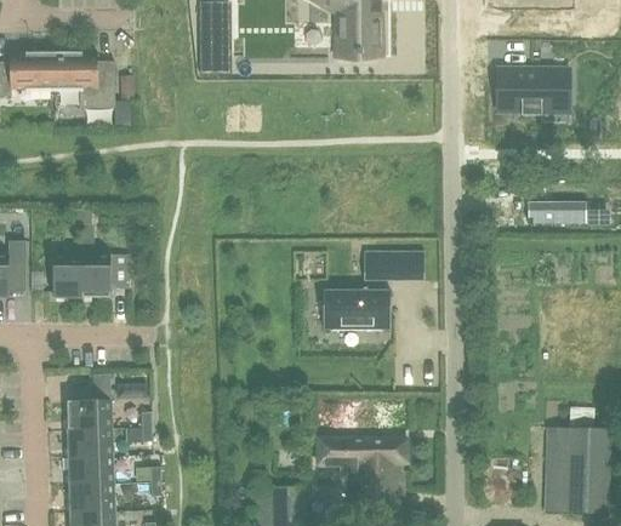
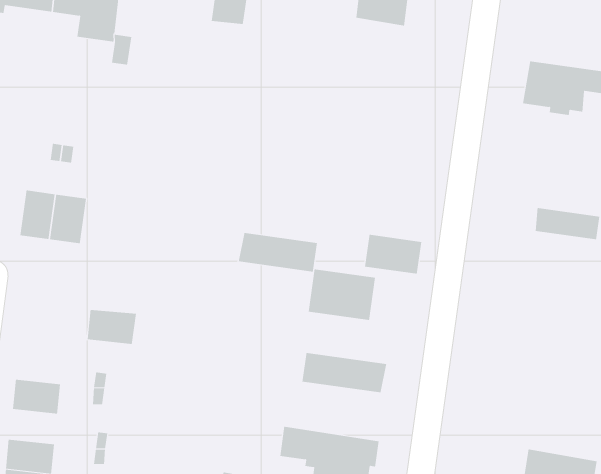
building: none -> [238,232,317,272]
building: none -> [302,352,387,393]
building: [67,398,110,428] -> [87,309,137,345]
building: [69,454,113,484] -> none

